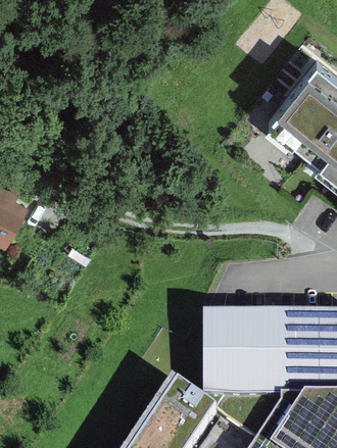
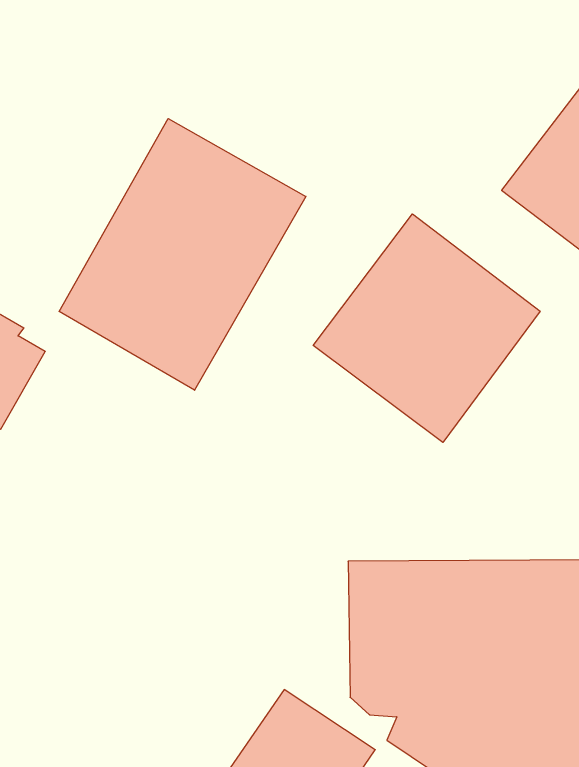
building: none -> [59,119,306,390]
building: none -> [313,214,540,442]

